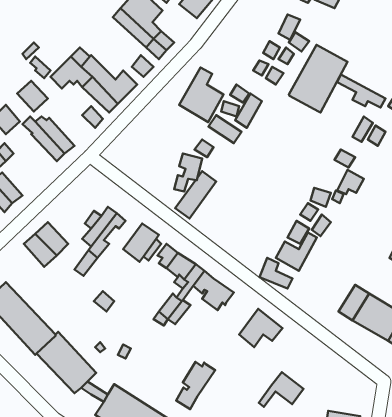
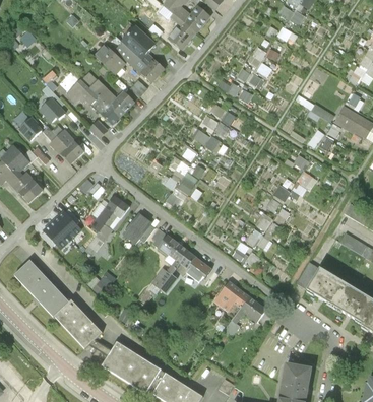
building: none -> [95,44,125,73]
building: [289,45,348,113] -> none
building: [179,68,223,122] -> none
building: [176,362,215,409] -> none
building: [259,372,303,407] -> [232,295,267,323]

